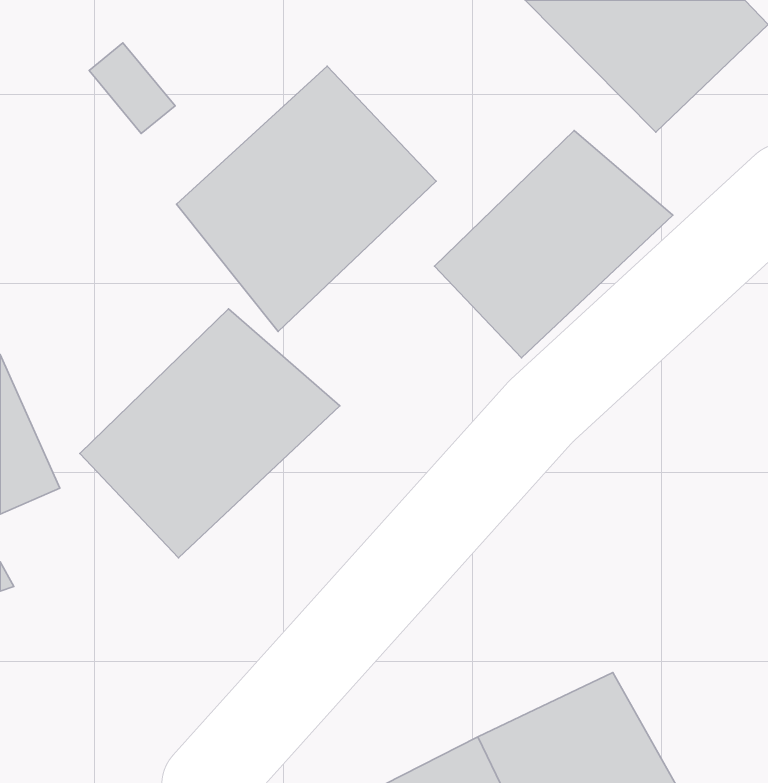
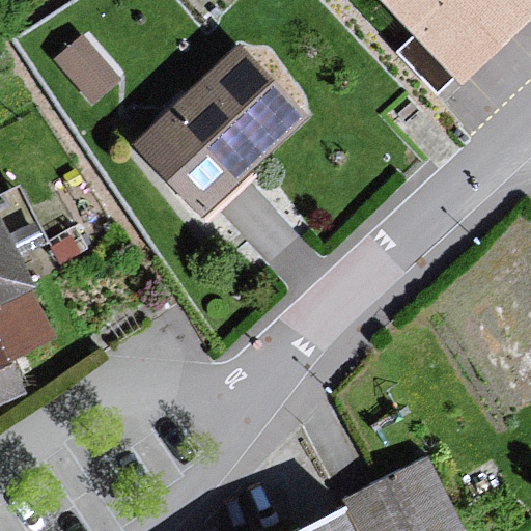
building: [435,131,673,358] -> none
building: [80,309,340,558] -> none

